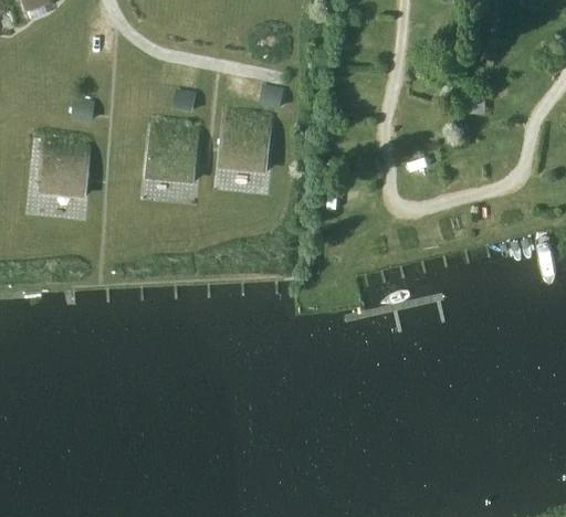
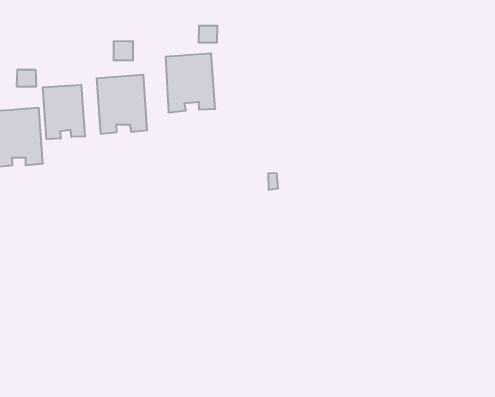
building: none -> [43,85,85,139]

